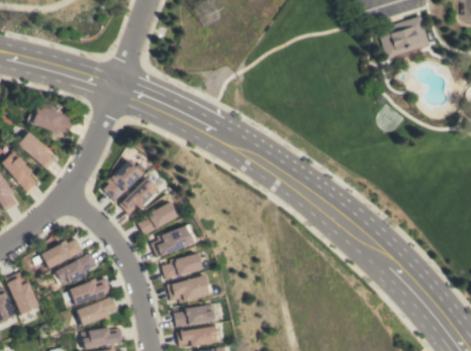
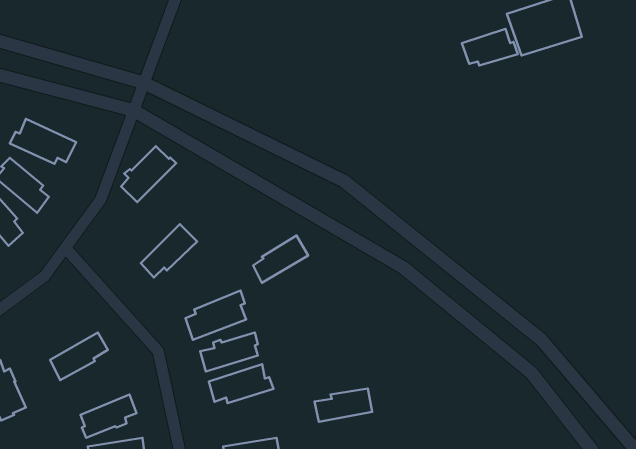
building: none -> [462,29,518,66]
building: [103,161,142,201] -> [121,146,176,202]
building: [137,203,176,236] -> [253,235,308,283]
building: [40,239,82,269] -> none
building: [68,278,111,306] -> none
building: [173,305,213,328] -> [315,389,372,422]

